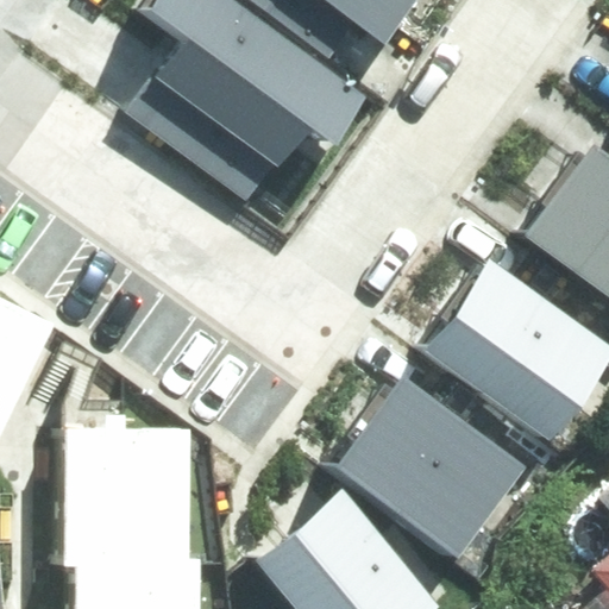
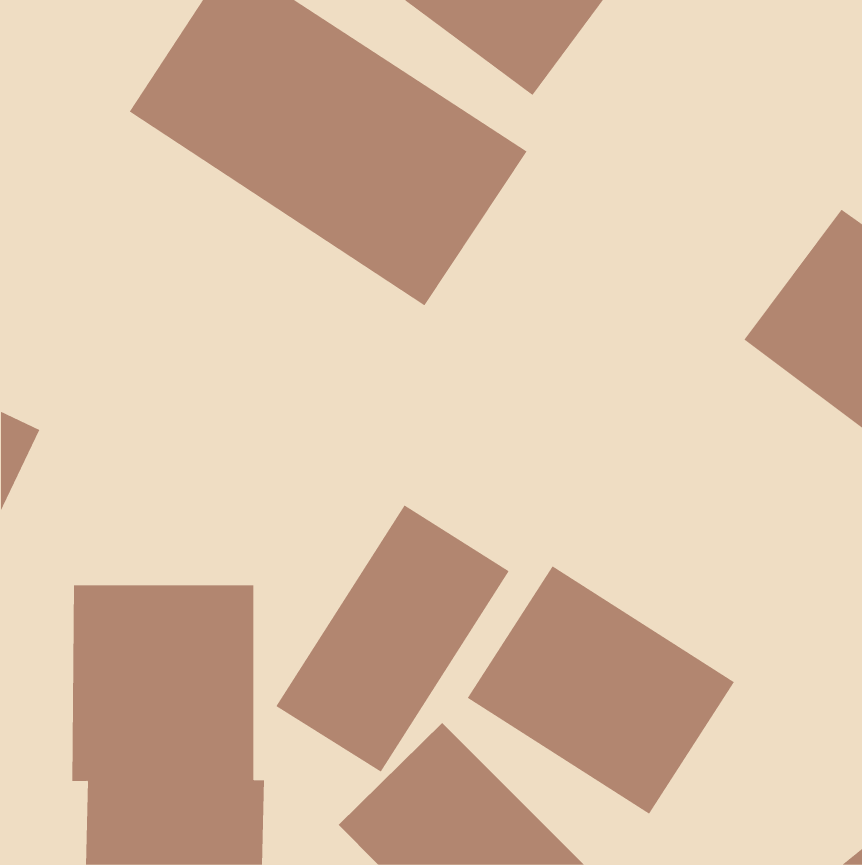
building: [417,271,596,438] -> none
building: none -> [275,505,510,773]

